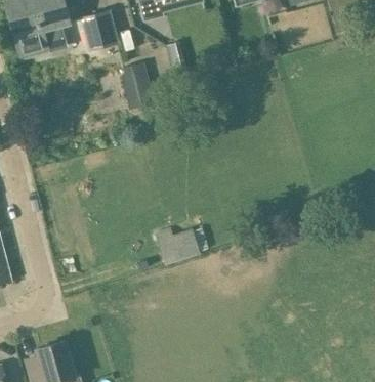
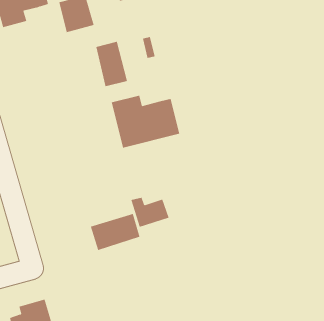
building: none -> [111,95,180,149]
building: none -> [90,213,140,251]

